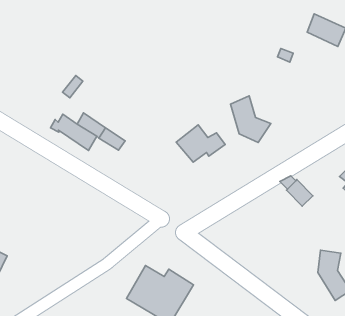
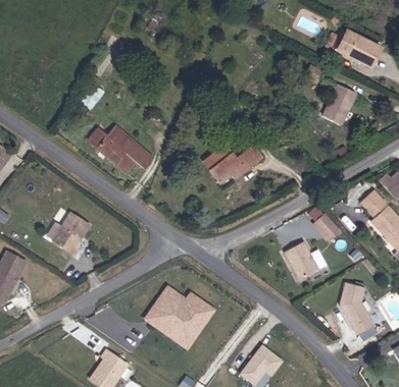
building: none -> [325,86,360,126]
building: [230,96,271,143] -> none
building: none -> [49,219,88,261]
building: none -> [281,232,316,272]

